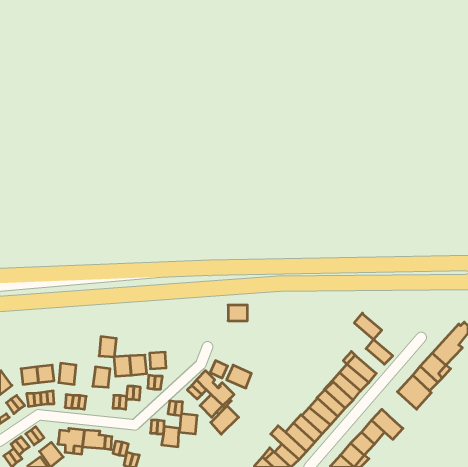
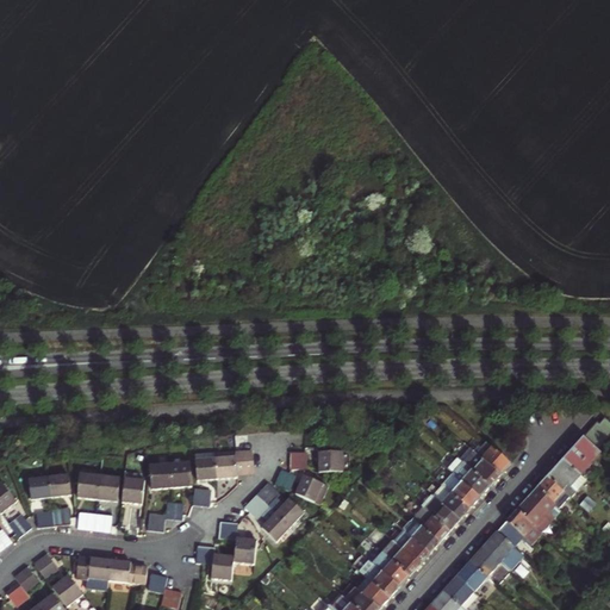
building: [228,305,247,321] -> [317,452,342,472]
building: [354,313,382,339] -> [463,450,499,485]
building: [99,337,116,357] -> [97,474,119,500]
building: none -> [214,450,253,478]
building: none -> [496,509,542,547]
building: [211,406,239,434] -> none

